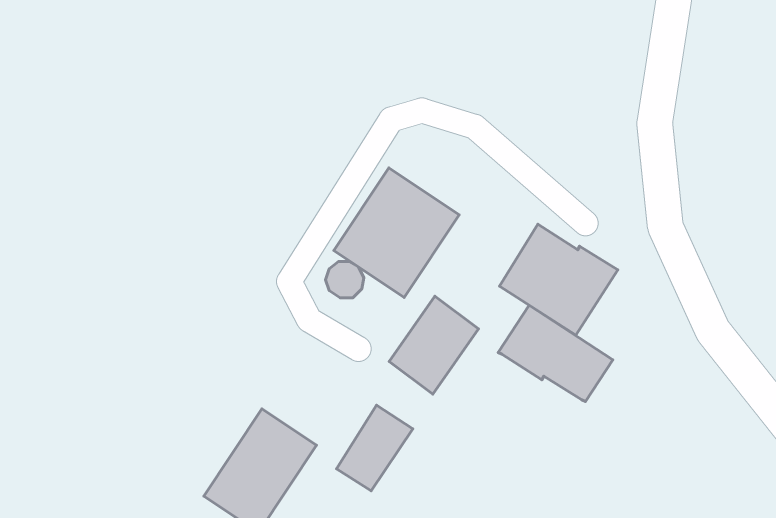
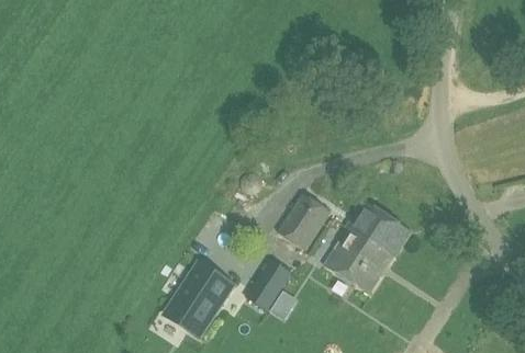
building: [334,168,459,297] -> none
building: [500,224,618,335] -> [322,228,393,295]

